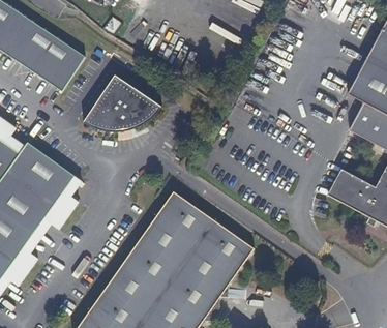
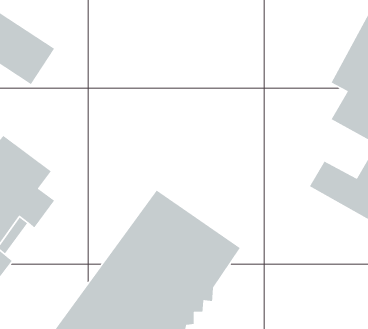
building: [78,74,158,135] -> none

